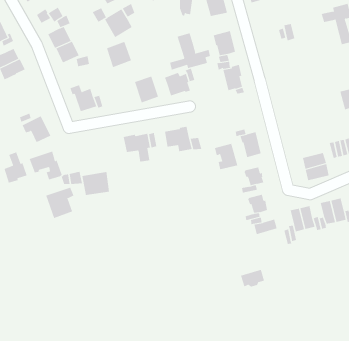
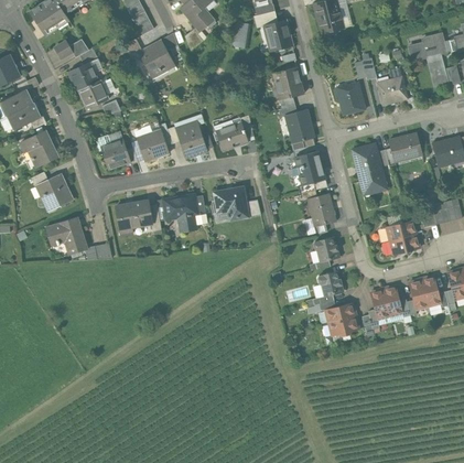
building: [170,32,210,70] -> none
building: none -> [377,76,407,104]
building: [106,41,132,68] -> [137,129,169,162]
building: none -> [339,82,366,115]
building: none -> [21,130,56,165]
building: none -> [390,132,421,159]
building: none -> [352,143,387,195]
building: [214,143,238,170] -> [295,151,325,184]
building: [4,152,27,184] -> none
building: [82,172,110,195] -> [116,200,151,229]
building: [46,187,74,219] -> none
building: [240,269,265,287] -> [328,314,359,336]

